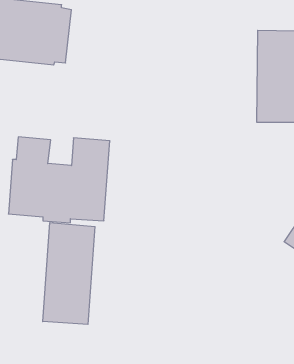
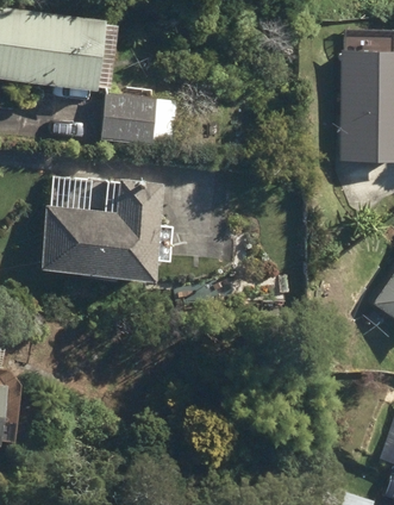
building: none -> [100,87,176,145]
building: [43,223,95,324] -> none

